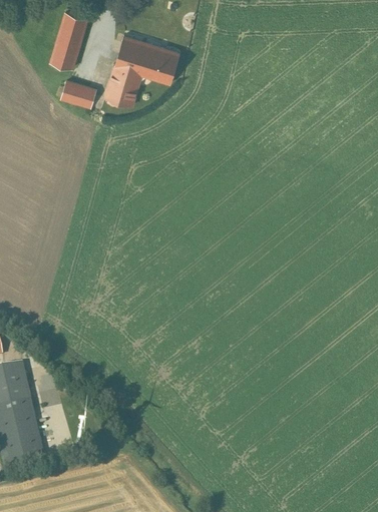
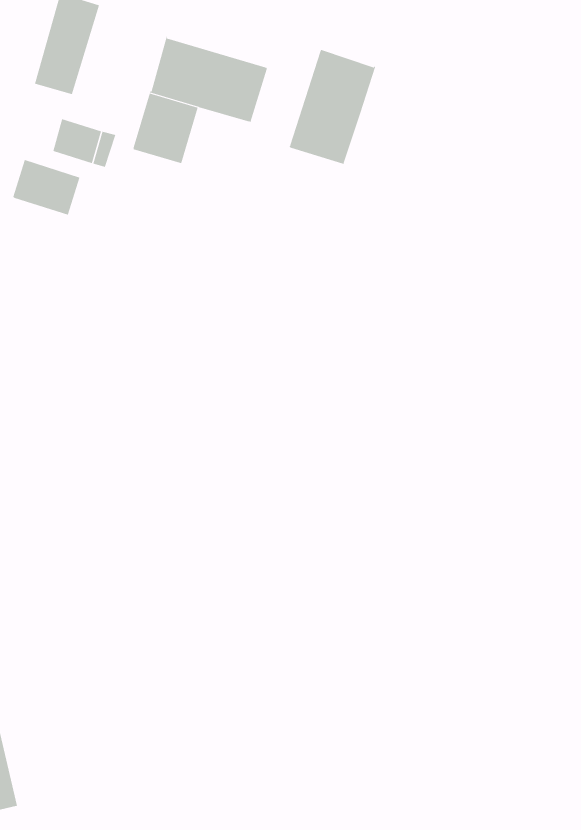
building: none -> [289,48,376,166]
building: none -> [12,159,80,215]

